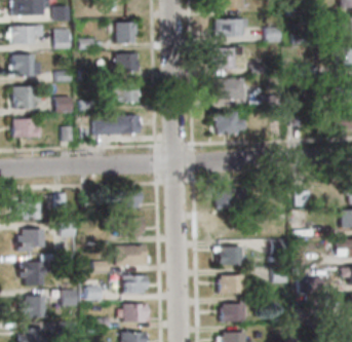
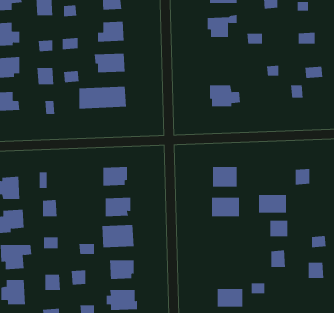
building: [214,78,244,100] -> none
building: [218,246,244,264] -> [258,194,287,213]
building: [220,275,245,294] -> none

